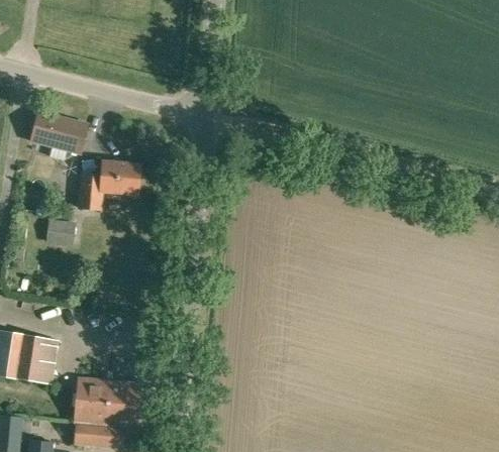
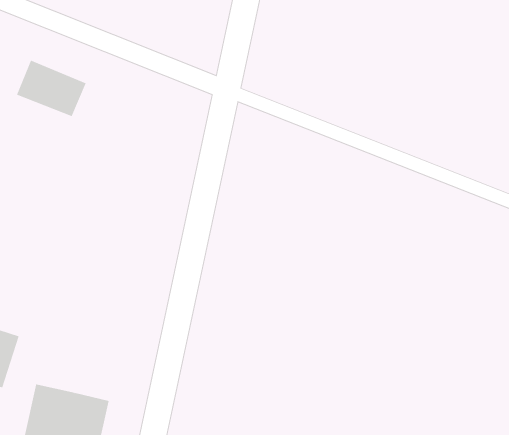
building: [76,160,139,212] -> none
building: [46,220,74,246] -> none

